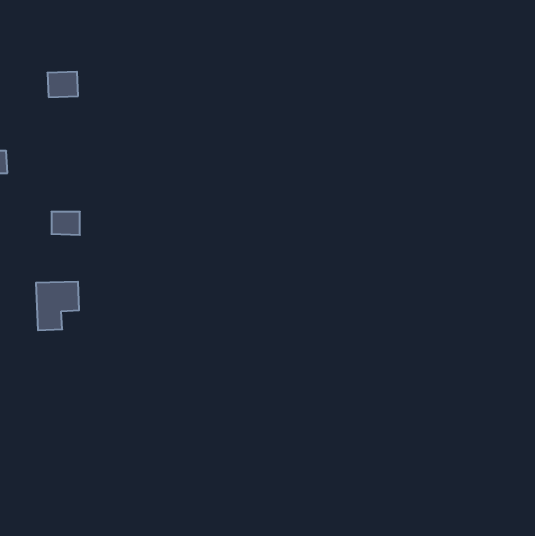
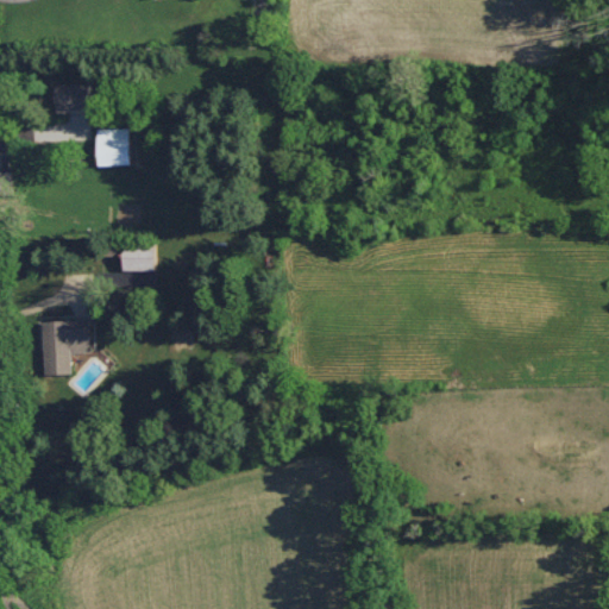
building: none -> [95,130,128,167]
building: [51,212,80,235] -> [121,246,153,272]

